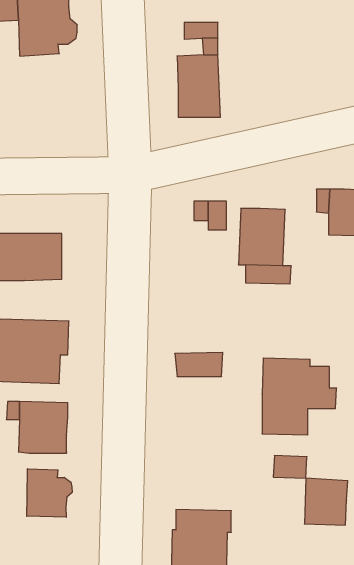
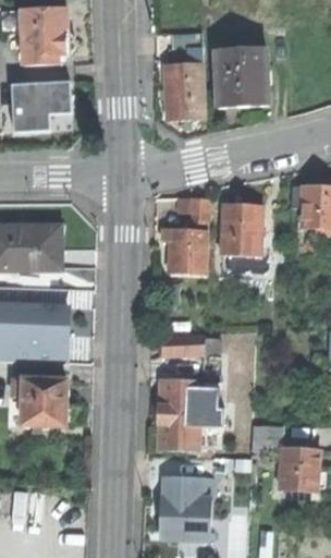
building: none -> [214,48,267,107]
building: none -> [11,82,70,132]
building: none -> [161,228,207,272]
building: [262,358,337,435] -> [159,378,226,448]
building: [27,469,72,517] -> none

